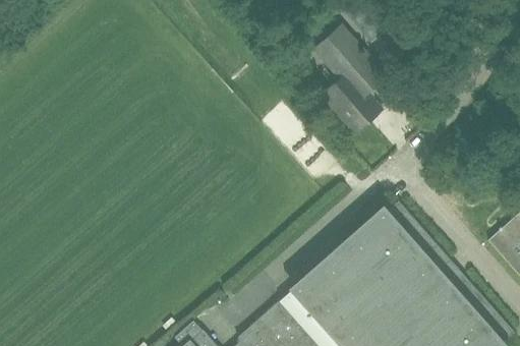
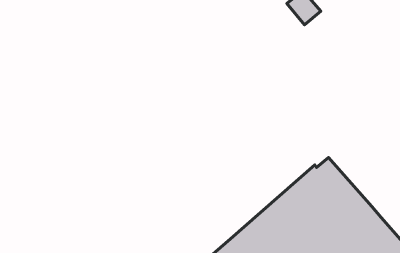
building: [309,30,383,140] -> none

